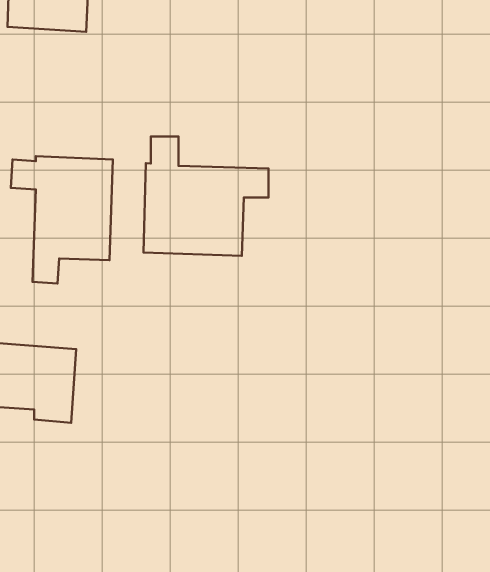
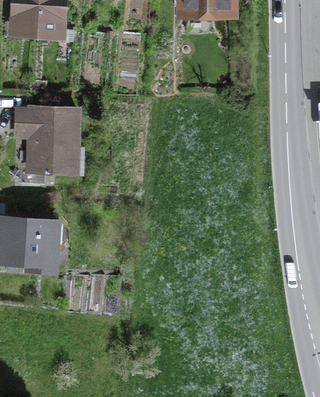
building: [144,136,269,256] -> none

